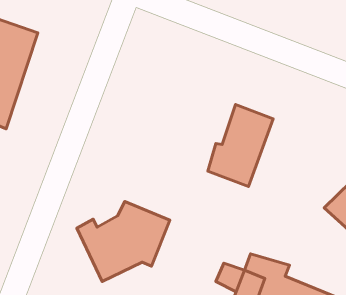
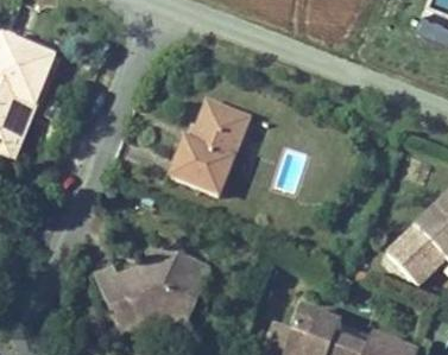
building: [208,105,273,186] -> [172,99,248,194]

